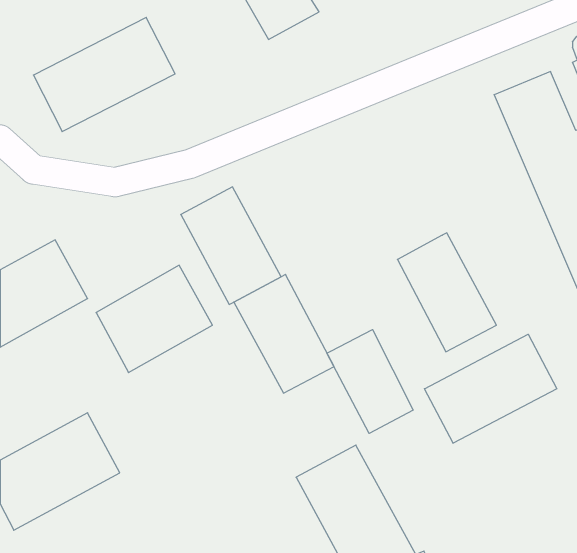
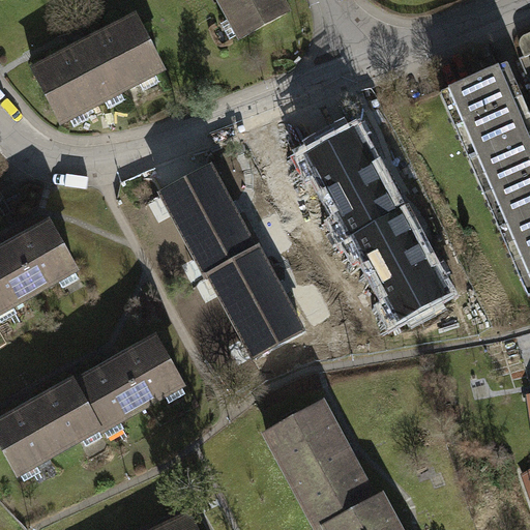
building: none -> [311,131,400,236]
building: [96,265,212,373] -> [81,329,185,425]
building: [327,330,413,433] -> none
building: [424,334,557,443] -> none

